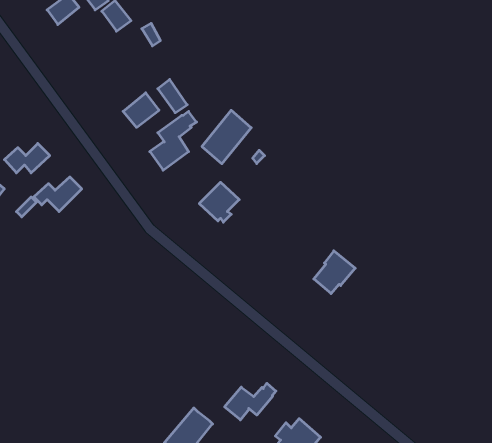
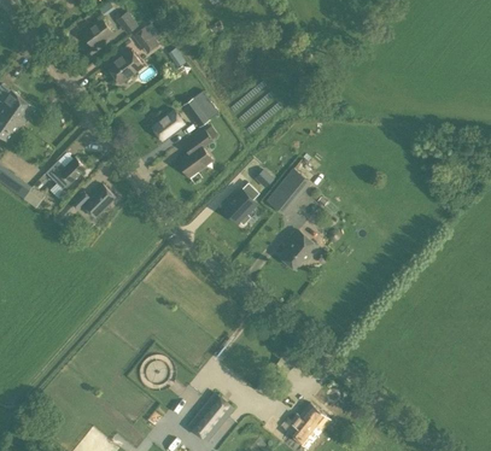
building: none -> [107,48,142,82]
building: [202,110,251,164] -> [267,166,311,215]
building: [314,251,355,294] -> [280,230,317,269]
building: [225,383,276,420] -> none

